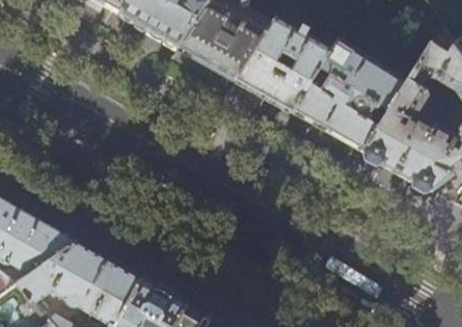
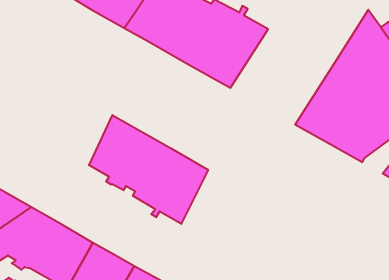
building: [291,37,405,151] -> none
building: none -> [89,115,208,224]

